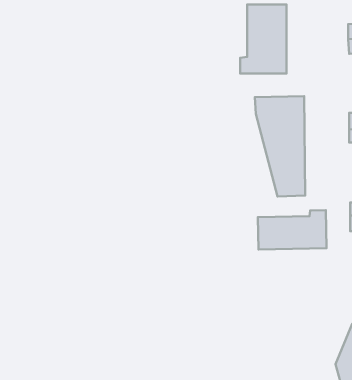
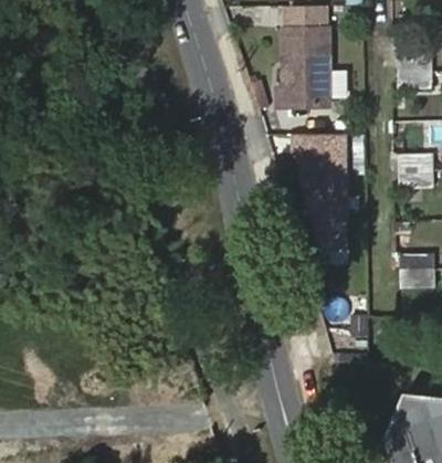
building: [258,210,326,249] -> none

